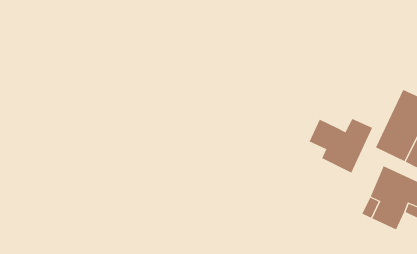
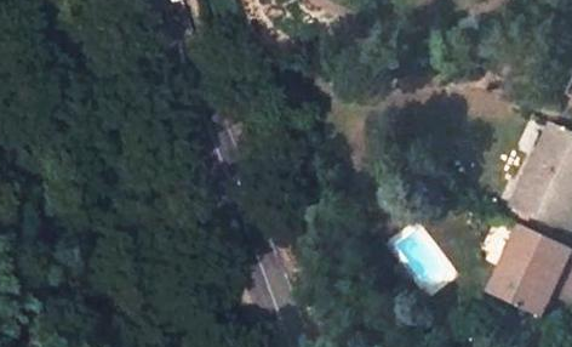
building: [309,118,373,173] -> none

